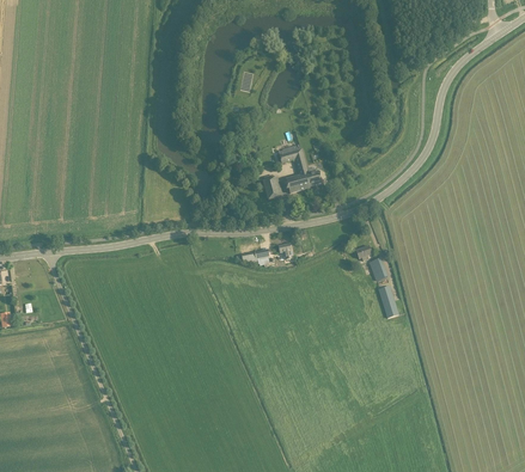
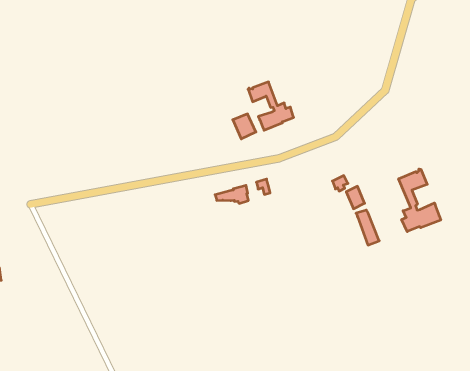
building: none -> [399,169,441,232]

